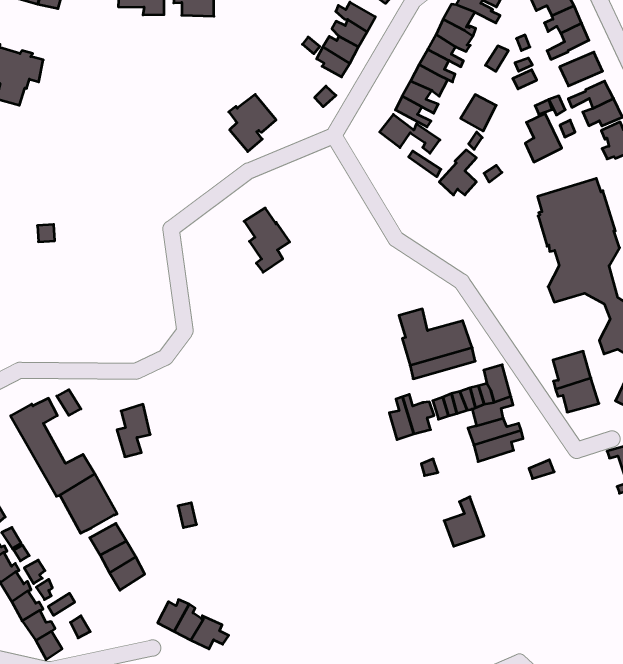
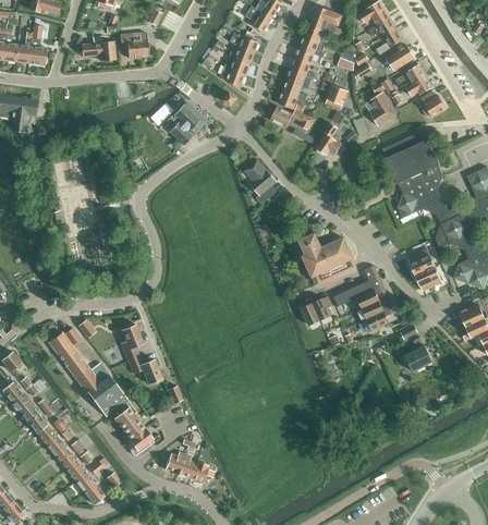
building: [244,208,290,272] -> [245,160,278,204]
building: none -> [129,356,162,383]
building: [444,497,484,546] -> [405,337,434,371]

